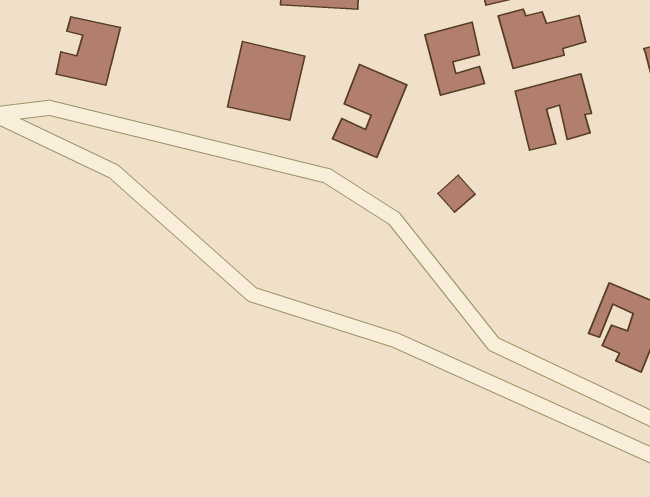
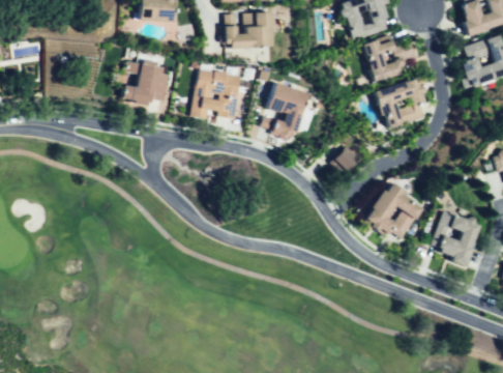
building: [56,17,120,85] -> [122,61,161,104]
building: [425,22,484,95] -> none
building: none -> [362,181,423,239]

